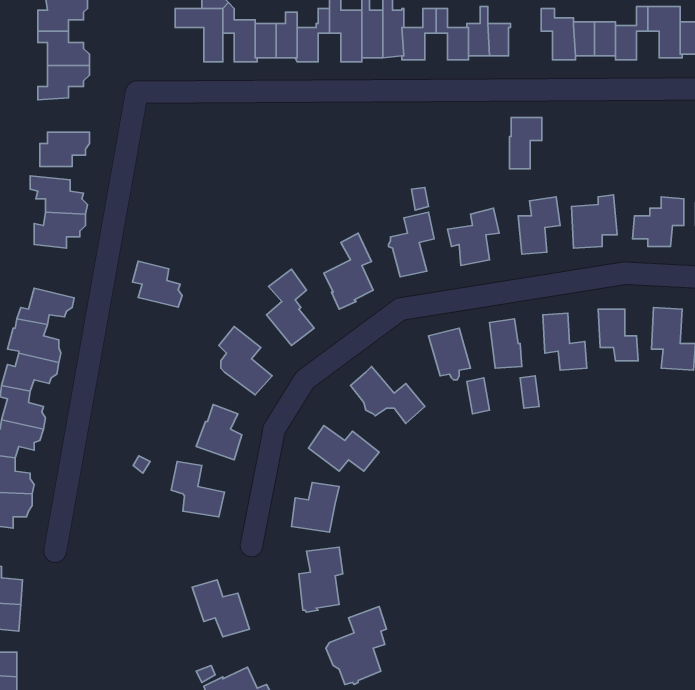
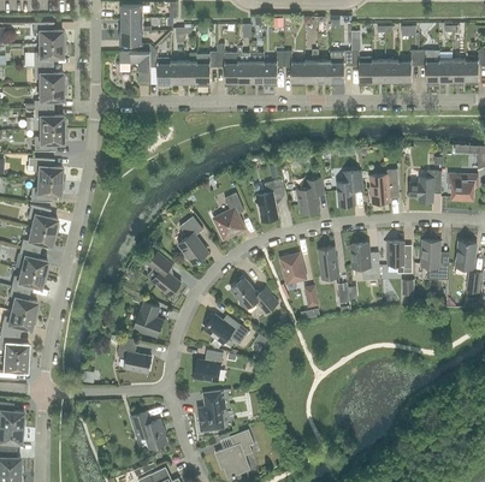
building: none -> [26,107,66,129]
building: [509,118,542,169] -> [331,50,351,83]
building: [132,261,182,307] -> [28,204,59,233]

